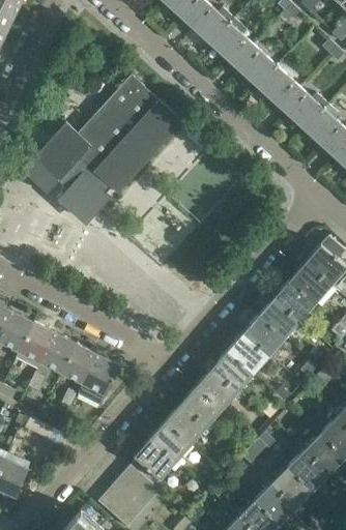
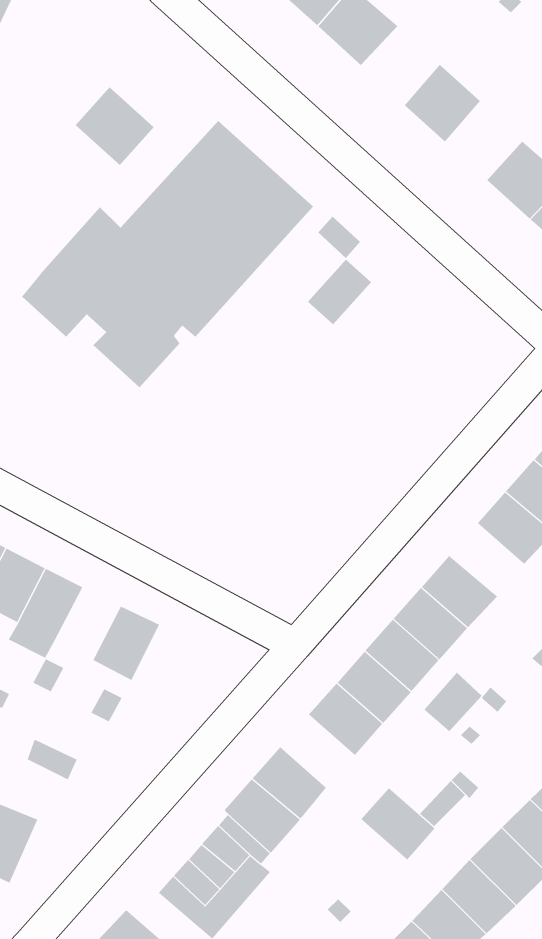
building: [209,24,253,67] -> none
building: none -> [75,87,155,166]
building: [256,65,298,109] -> none
building: none -> [307,259,372,325]
building: [258,298,299,338] -> none
building: [40,333,77,374] -> none
building: [83,354,120,394] -> none
building: none -> [424,672,483,732]
building: [165,404,206,444] -> [361,787,436,861]

